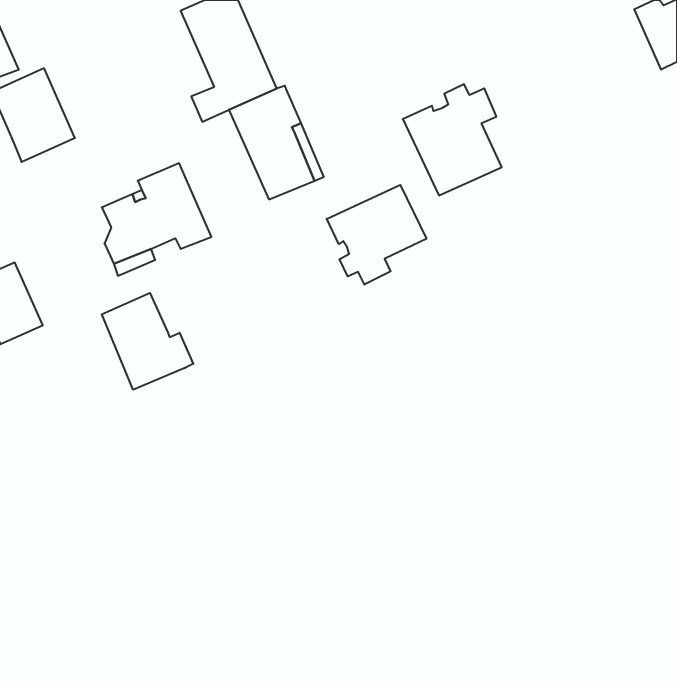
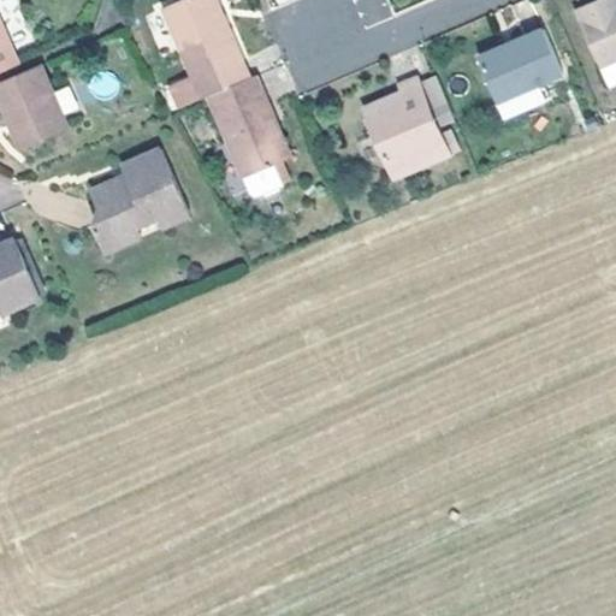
building: none -> [479,29,561,113]
building: [327,185,426,285] -> none
building: [102,293,193,390] -> none

